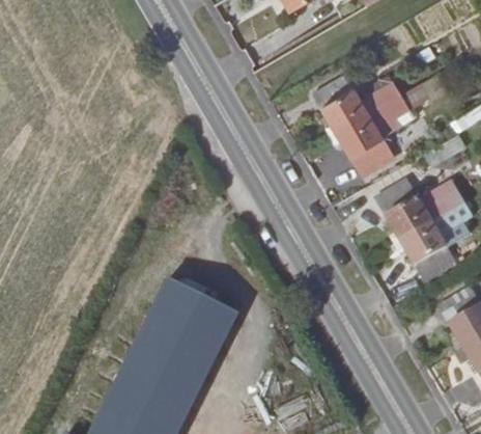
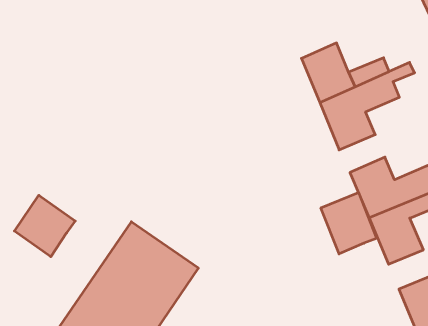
building: none -> [321,193,377,254]
building: none -> [14,195,75,257]

